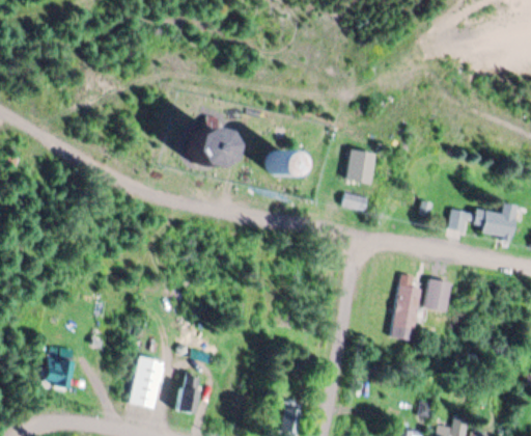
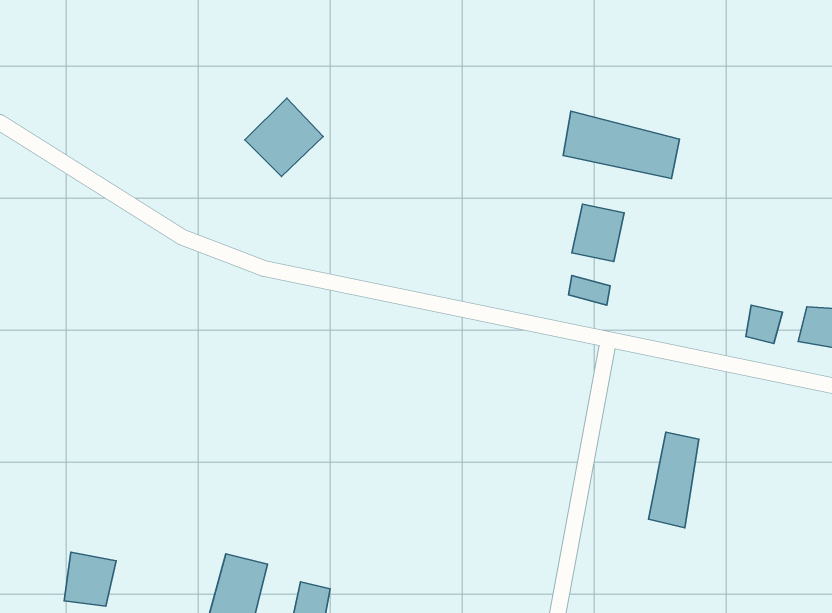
building: none -> [563,111,680,179]
building: [191,122,237,169] -> [245,98,323,177]
building: [275,152,299,174] -> none
building: [424,279,451,311] -> none

